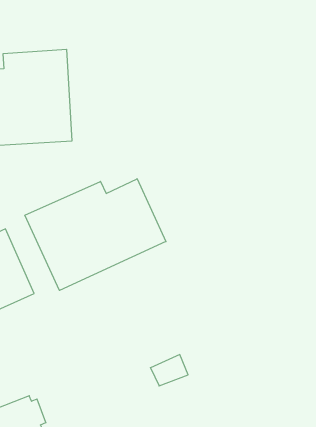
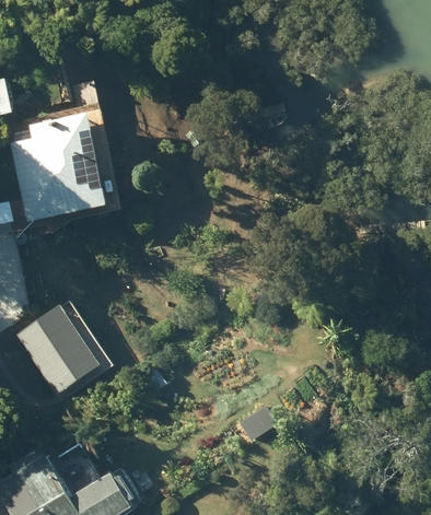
building: [25,179,166,290] -> none

